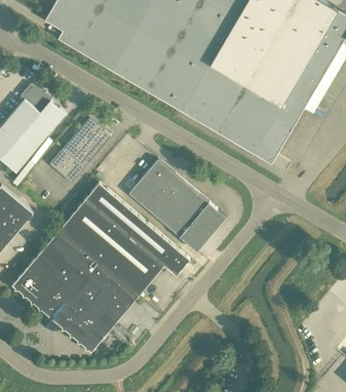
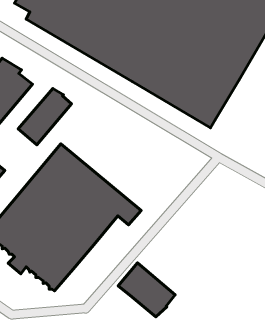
building: [128,159,226,251] -> none
building: none -> [118,263,175,317]

